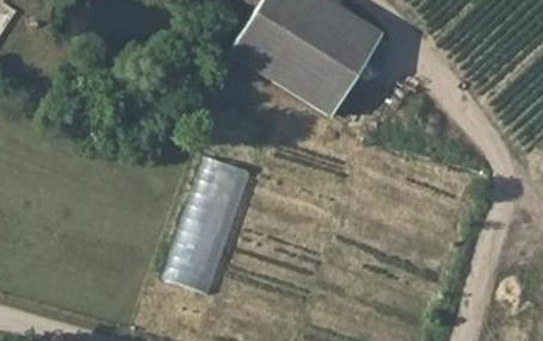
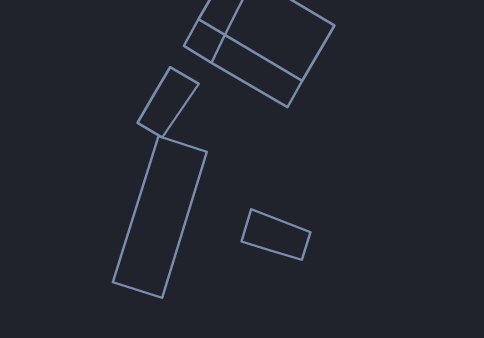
building: none -> [138,67,199,137]
building: none -> [241,209,310,260]

